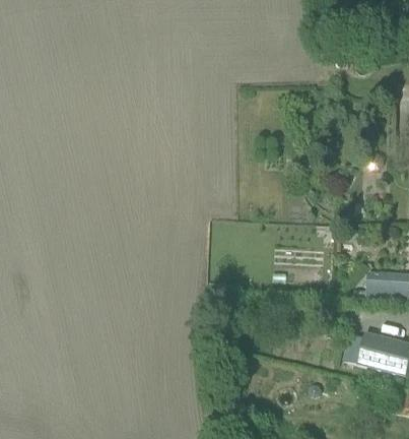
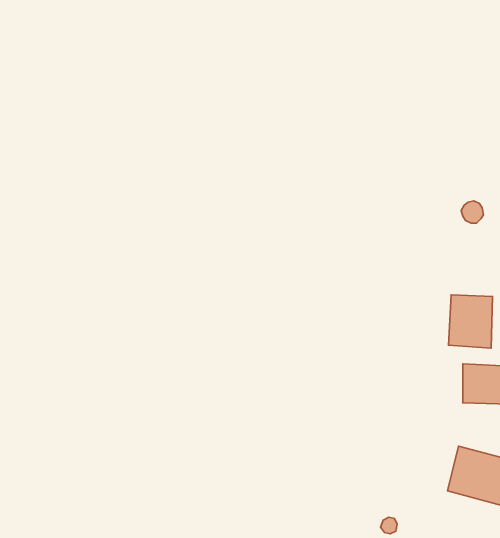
building: none -> [448,295,493,348]

